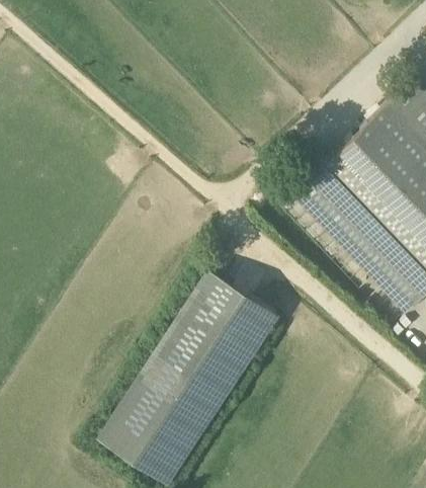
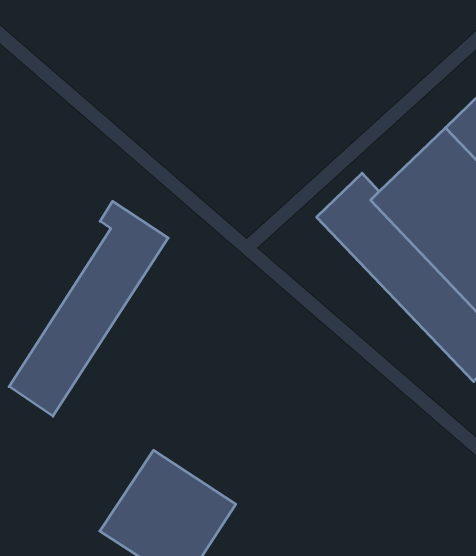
building: none -> [9,201,168,416]
building: [143,270,277,418] -> none

